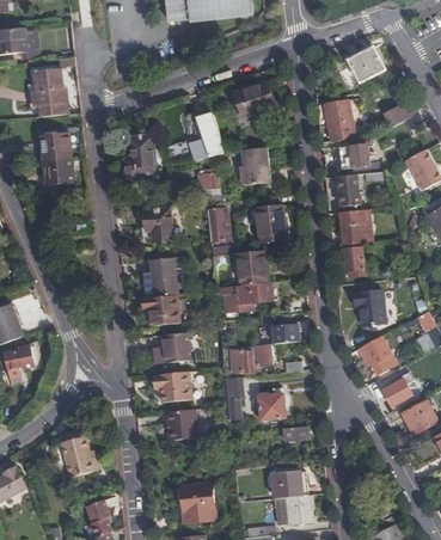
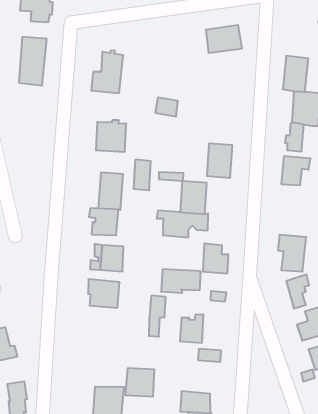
building: [191,112,223,158] -> none
building: [243,147,271,184] -> none
building: [207,209,227,241] -> [134,160,151,190]
building: [342,245,366,278] -> none
building: [165,411,197,443] -> [125,368,155,396]

